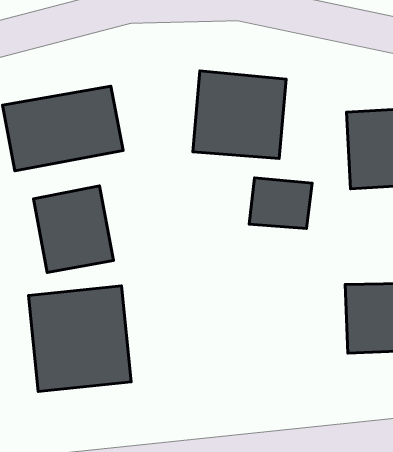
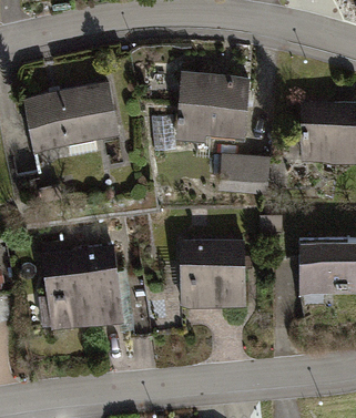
building: [33,186,113,272] -> none
building: none -> [181,239,245,305]

